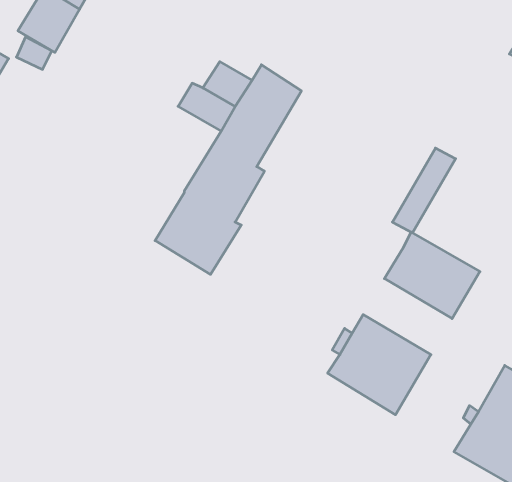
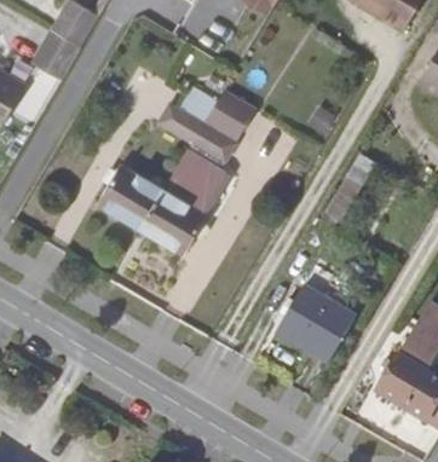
building: none -> [98,164,163,227]
building: [384,232,480,319] -> none

